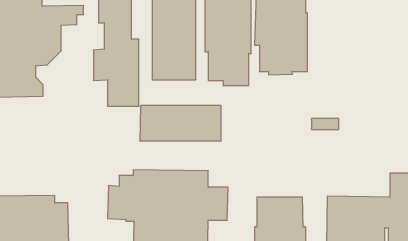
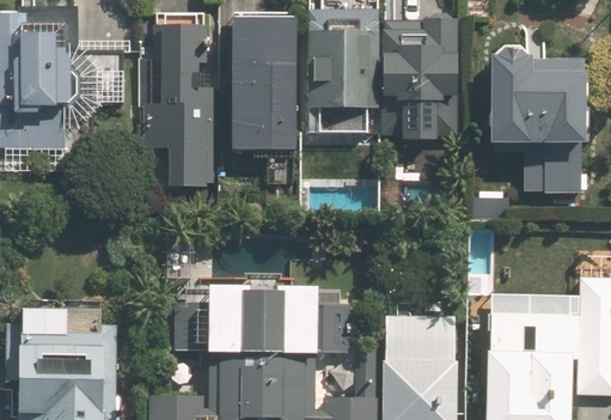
building: none -> [489,38,582,176]
building: [140,105,221,141] -> none

